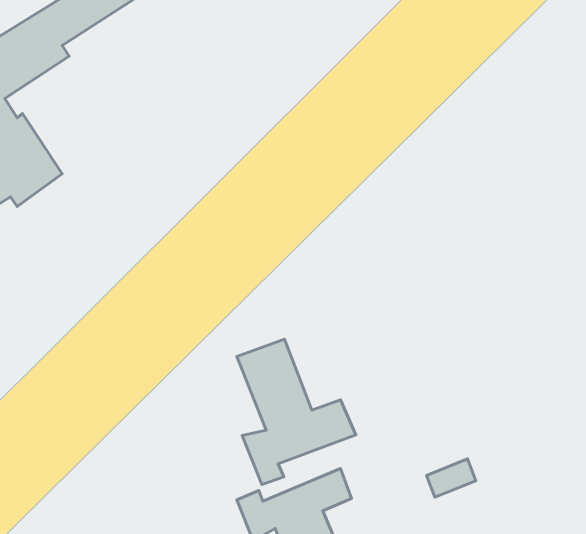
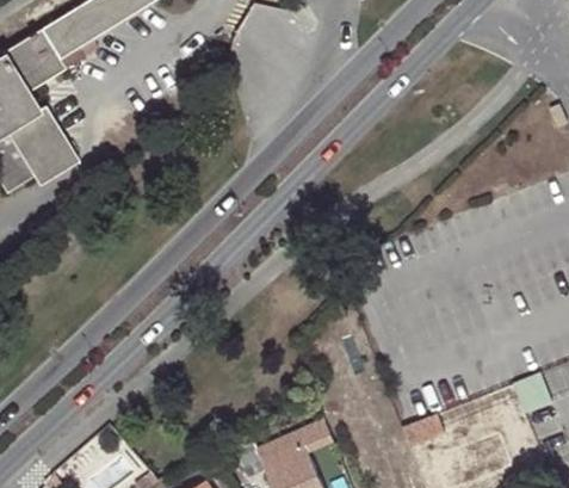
building: [237,339,356,485] -> none

